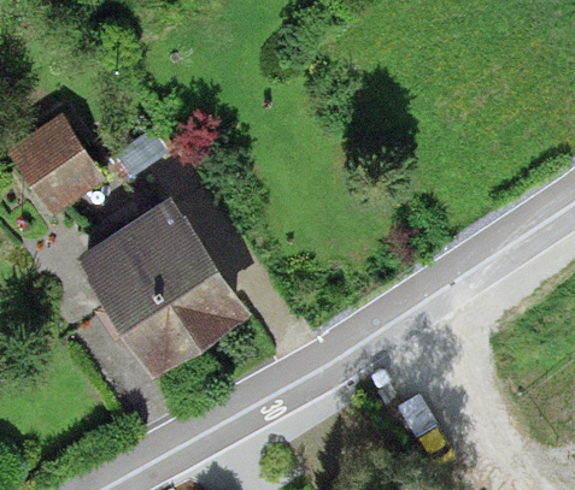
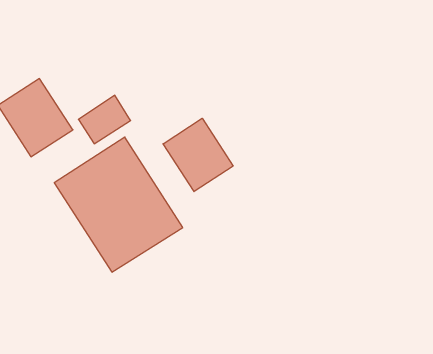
building: none -> [163,118,233,192]

